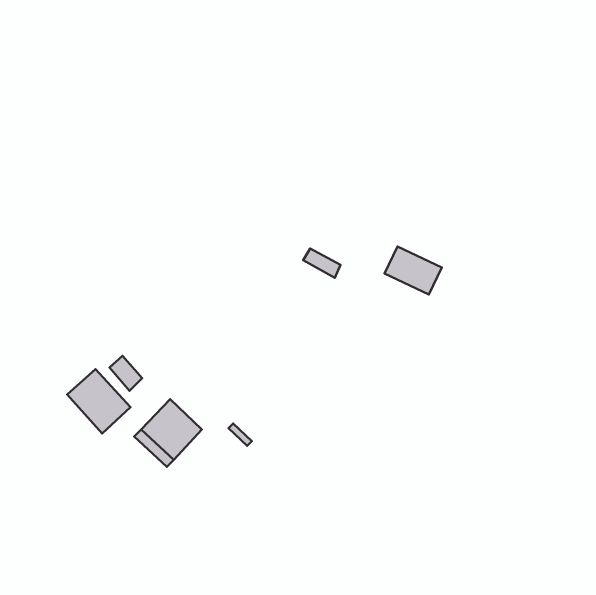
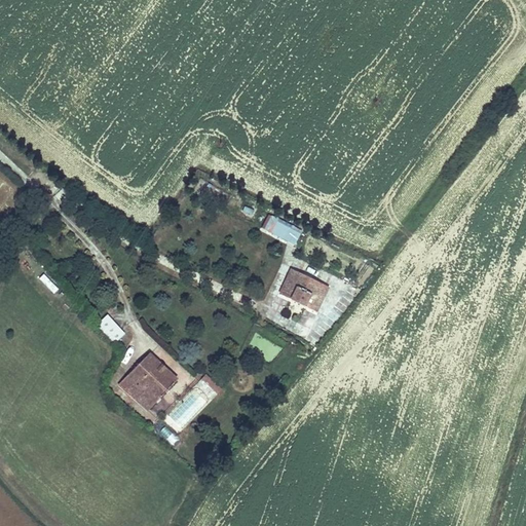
building: [385,247,442,294] -> [279,268,330,310]
building: [67,369,130,434] -> none

